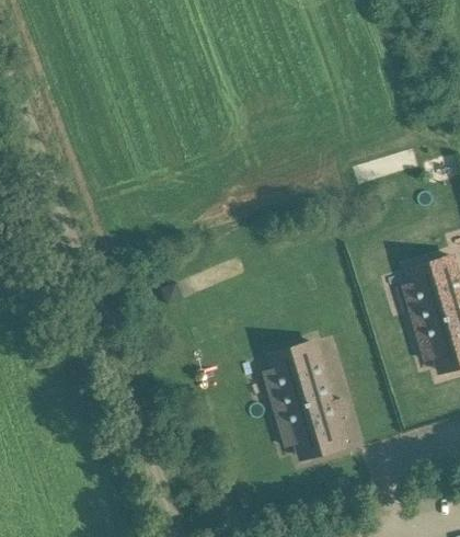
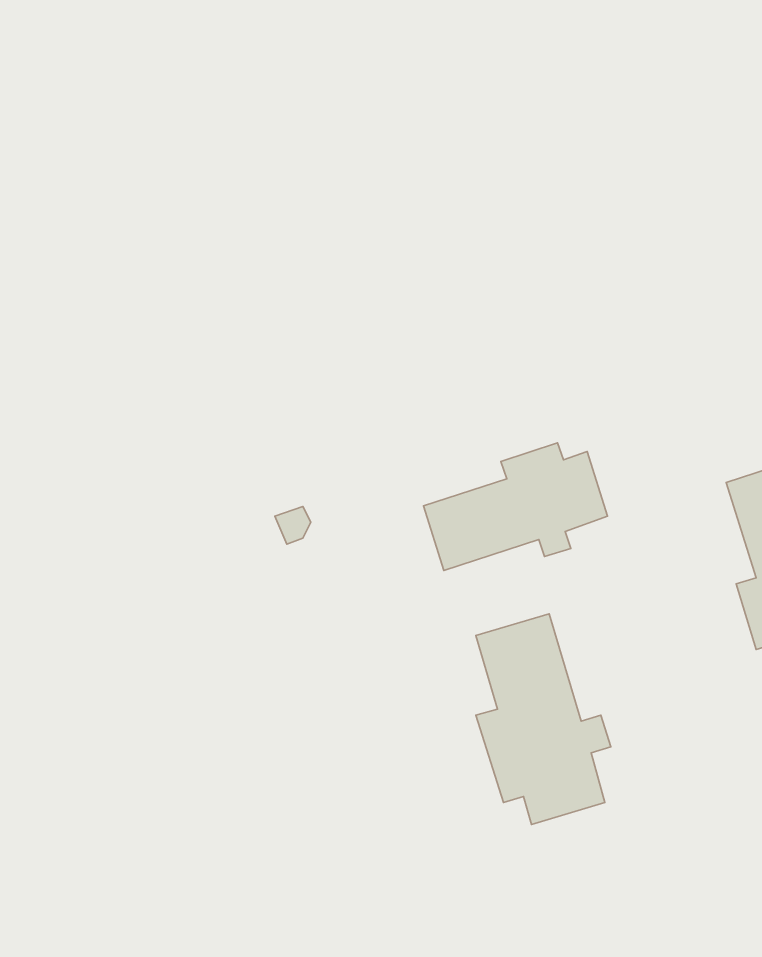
building: none -> [424,443,608,570]

